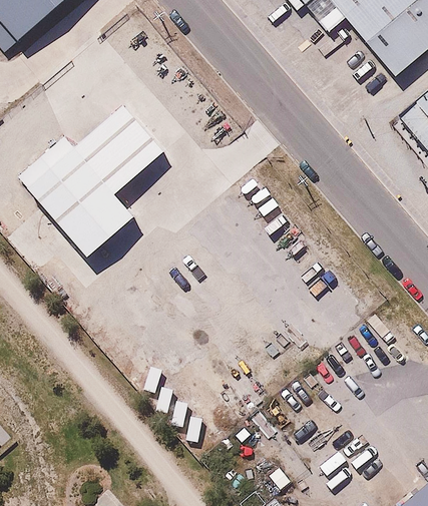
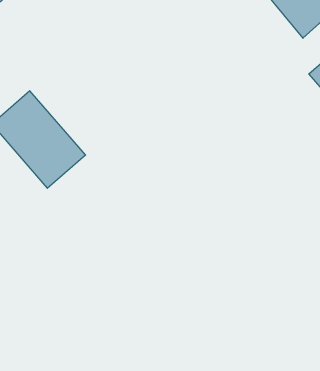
building: [78,107,164,192] -> none

